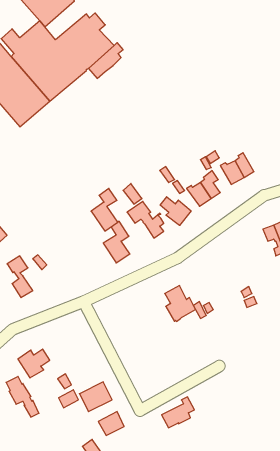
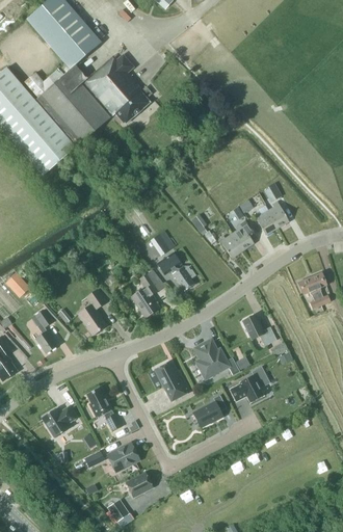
building: [91,188,118,231] -> [78,289,106,334]
building: [160,197,191,225] -> none
building: none -> [242,314,276,345]
building: none -> [155,361,189,400]
building: none -> [229,366,265,402]
building: [6,376,39,417] -> [86,388,121,430]
building: [162,397,194,428] -> [192,394,227,426]

